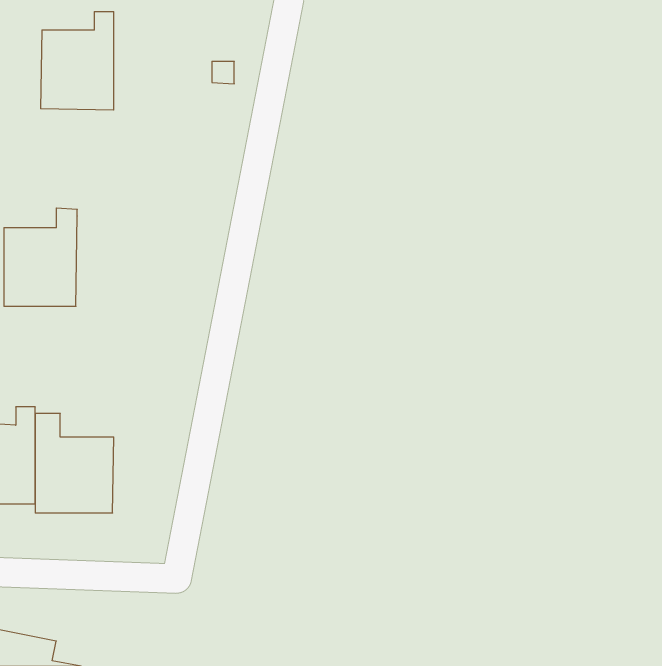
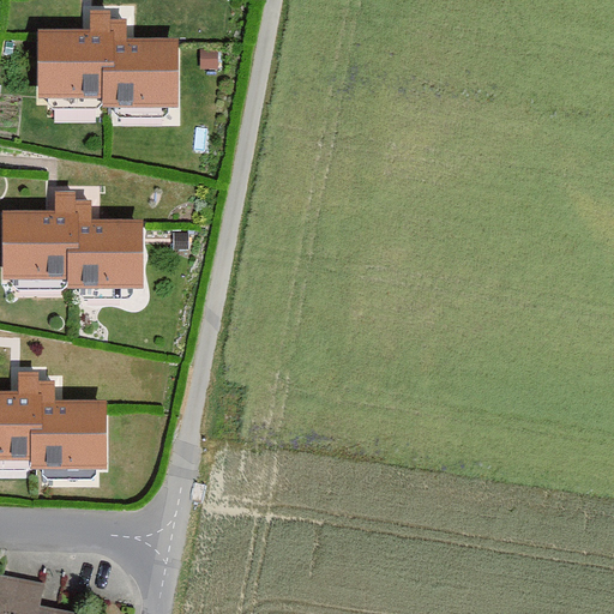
building: none -> [104,18,176,108]
building: none -> [70,198,142,289]

